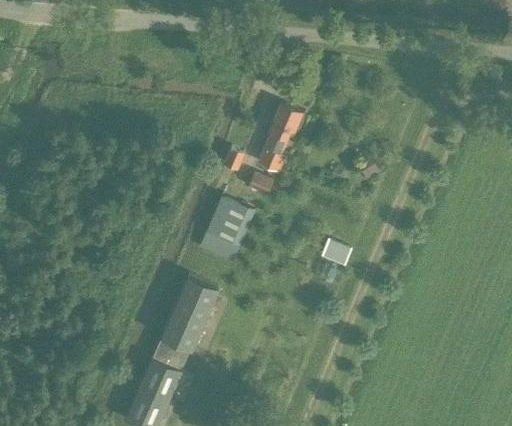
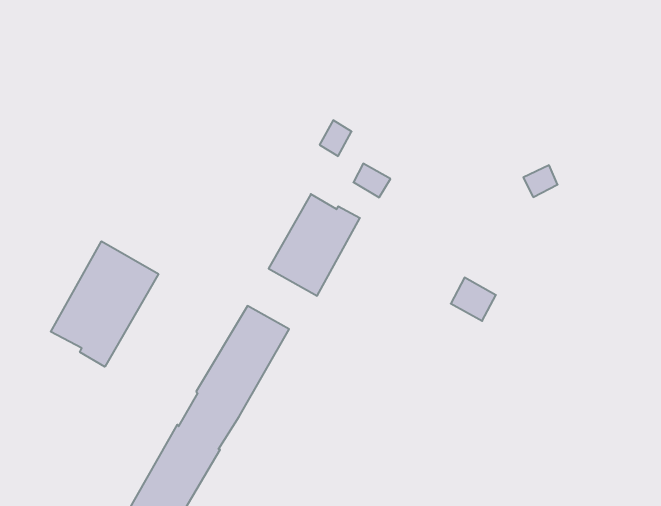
building: [259,102,302,170] -> none
building: none -> [51,241,158,367]

